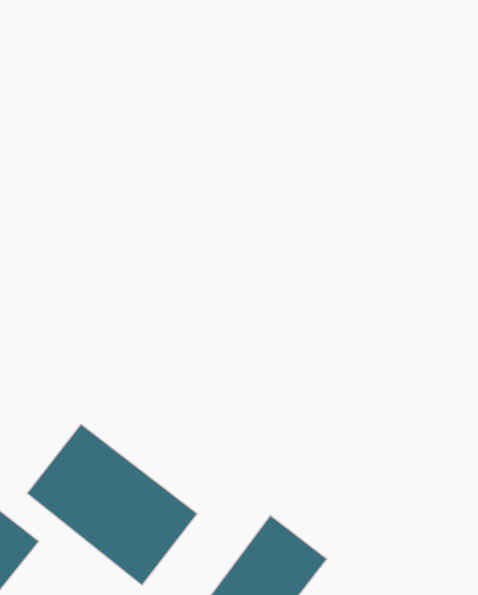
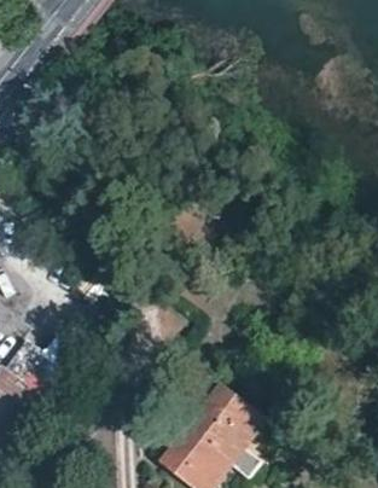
building: [27,424,197,585] -> none

